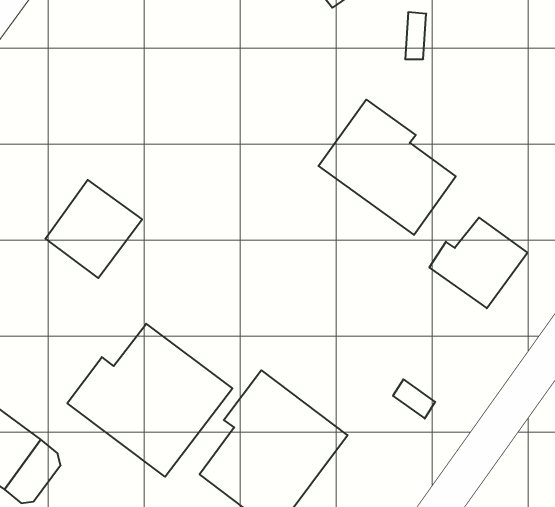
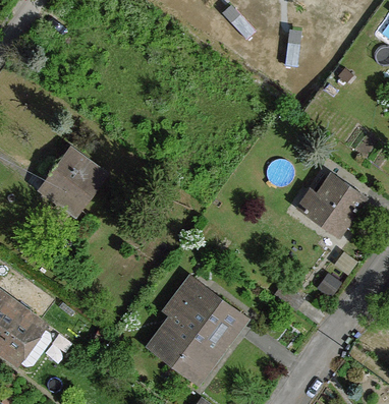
building: [318,100,456,235] -> none
building: [67,324,232,477] -> none

